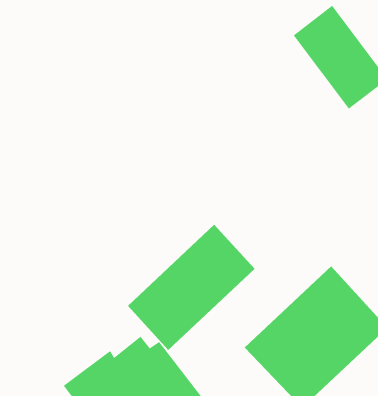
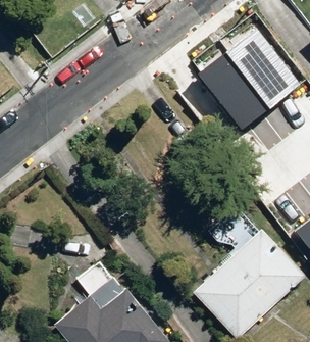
building: none -> [201,51,273,130]
building: [127,224,256,351] -> none

